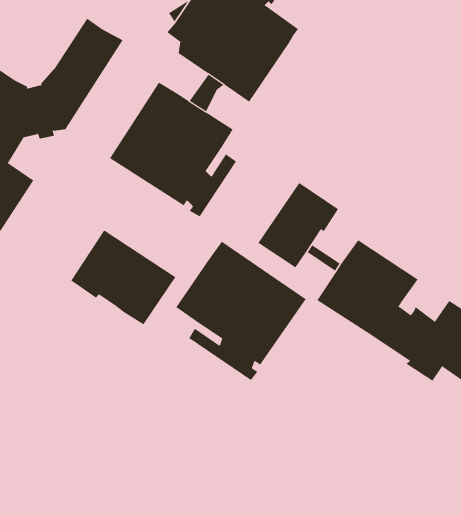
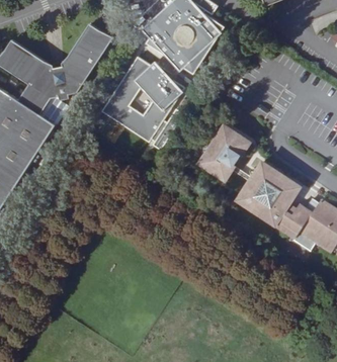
building: [70,230,176,325] -> none
building: [175,241,307,381] -> none

